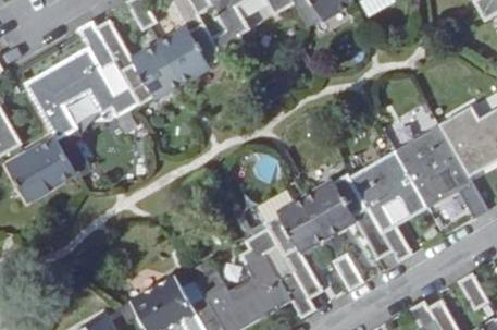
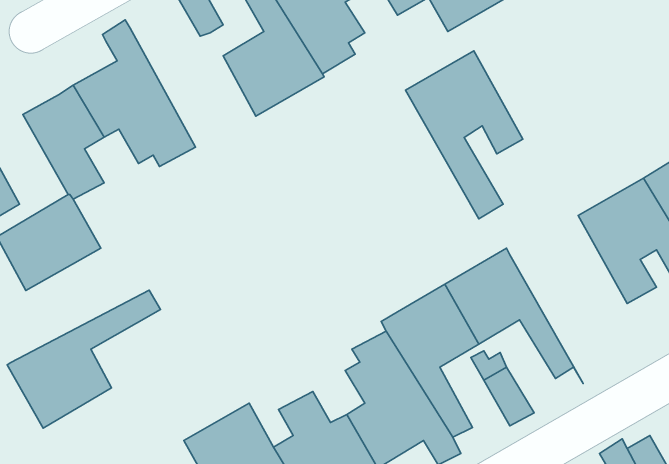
building: [96,17,179,107] -> none
building: [349,150,427,262] -> [405,51,523,219]
building: none -> [7,290,161,428]

